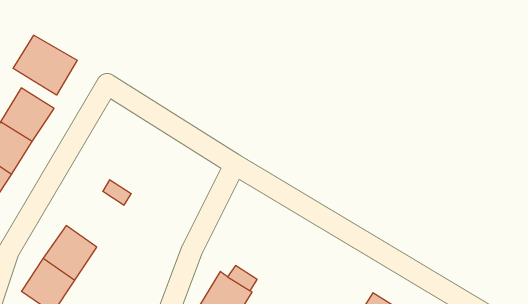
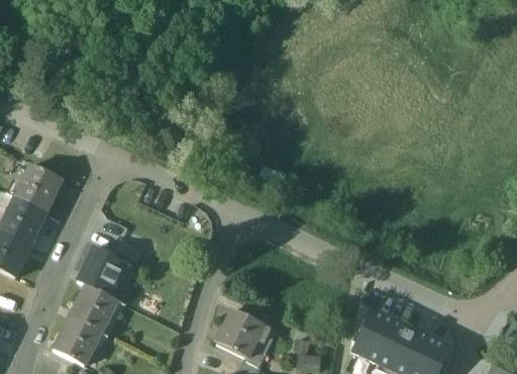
building: [13,35,77,95] -> none
building: none -> [78,247,125,295]

